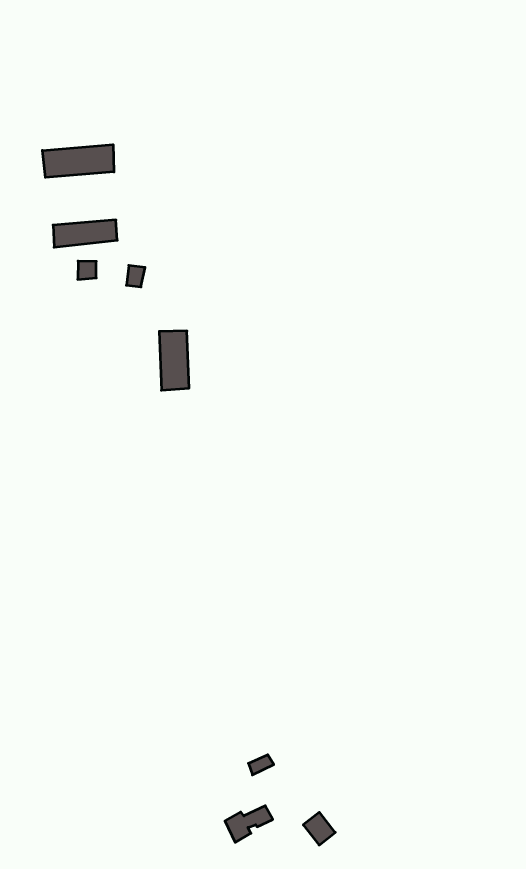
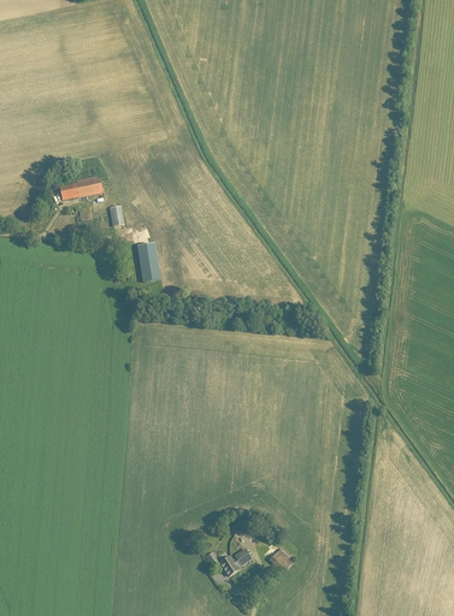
building: [42,145,114,177] -> none

